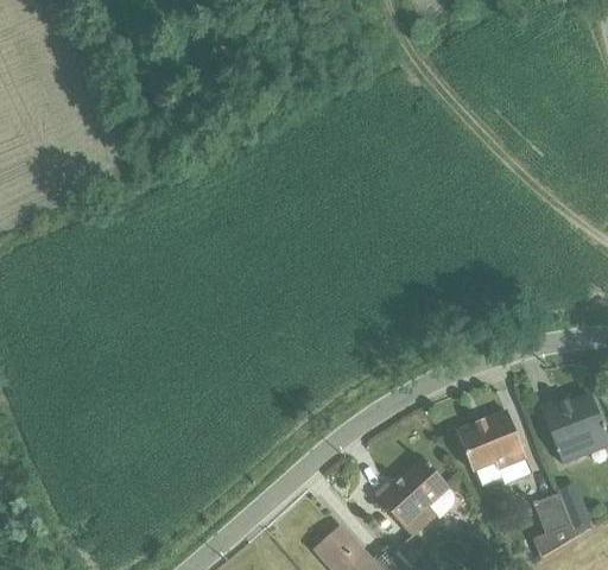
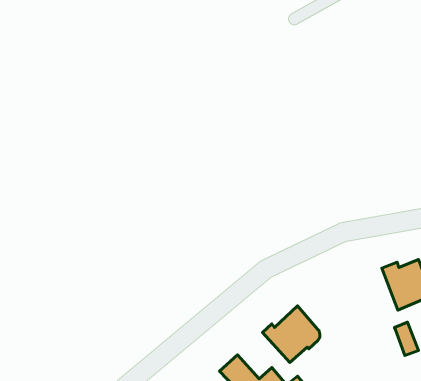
building: [456,410,530,484] -> none
building: [531,490,575,556] -> none

